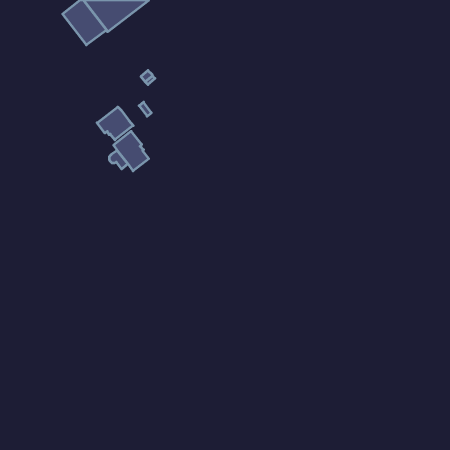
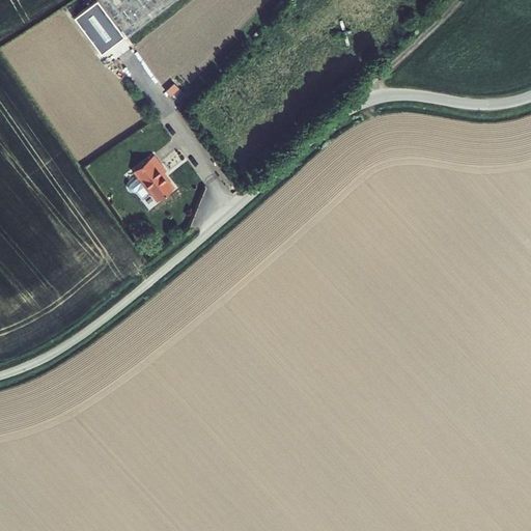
building: [97,107,133,140] -> none

